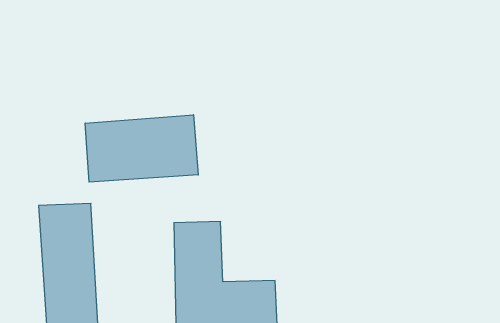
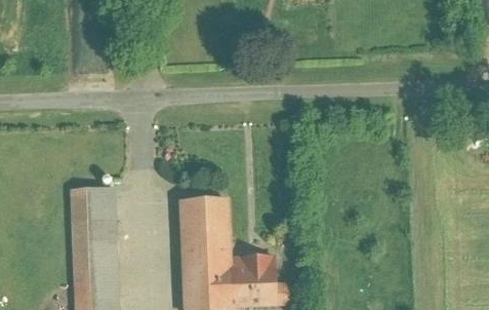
building: [85,115,198,182] -> none

